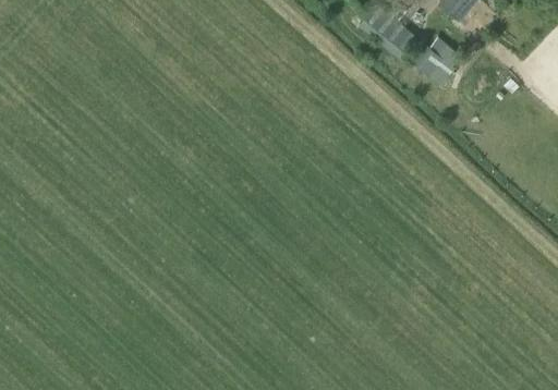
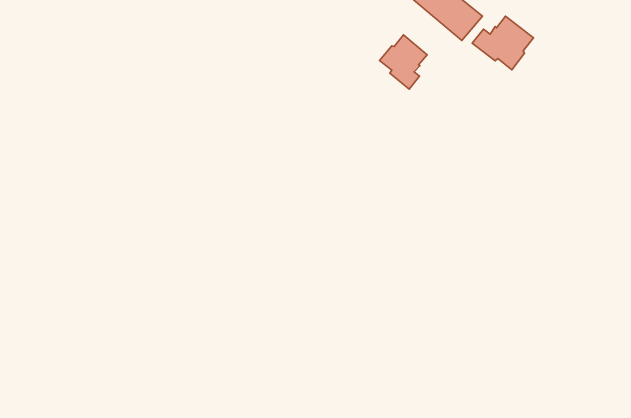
building: none -> [379,35,427,89]

